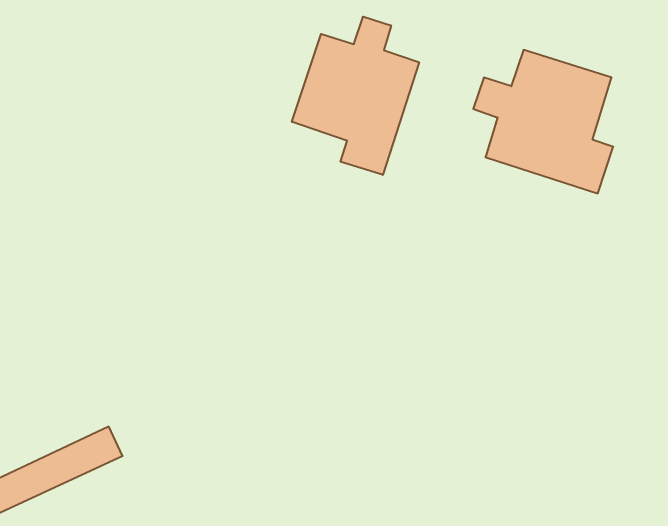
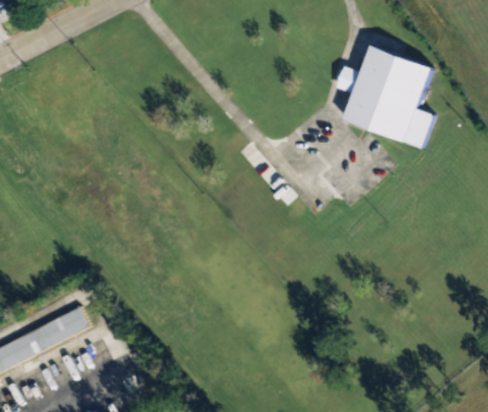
building: [292,17,419,175] -> none

